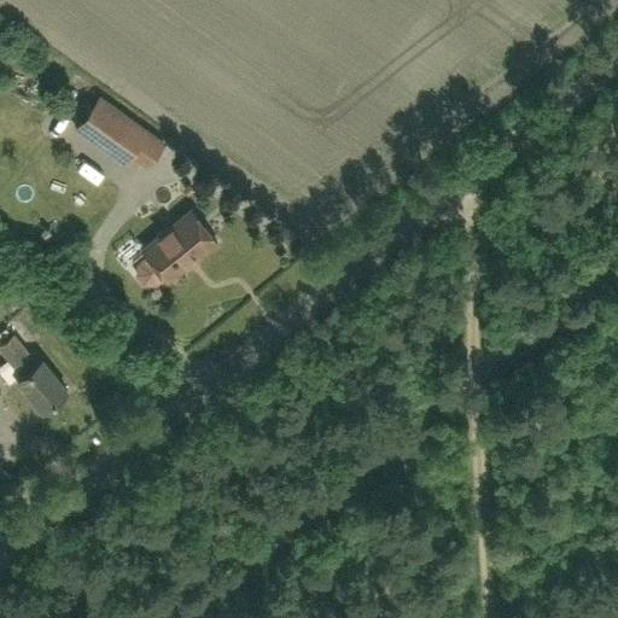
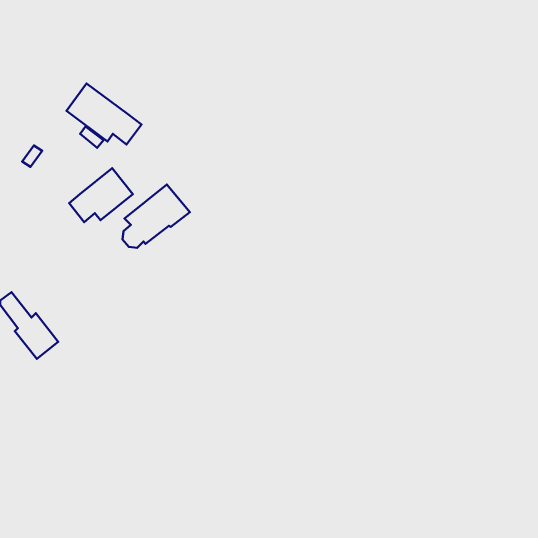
building: none -> [69,168,133,222]

